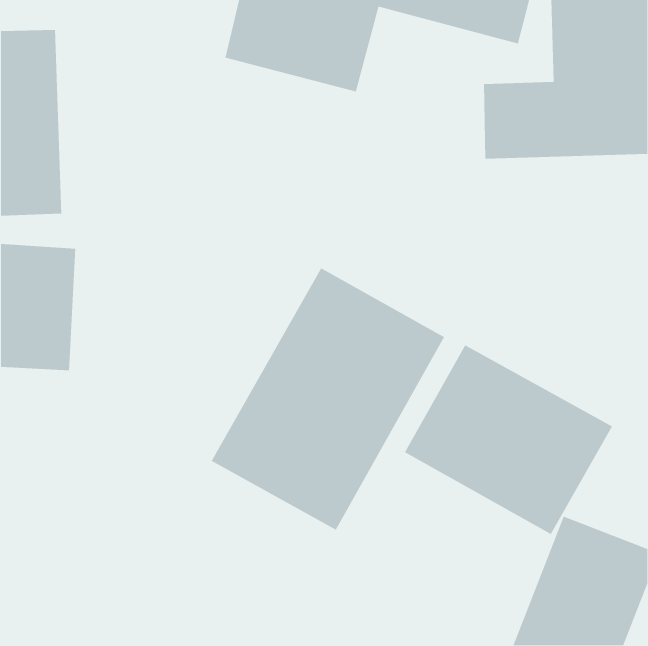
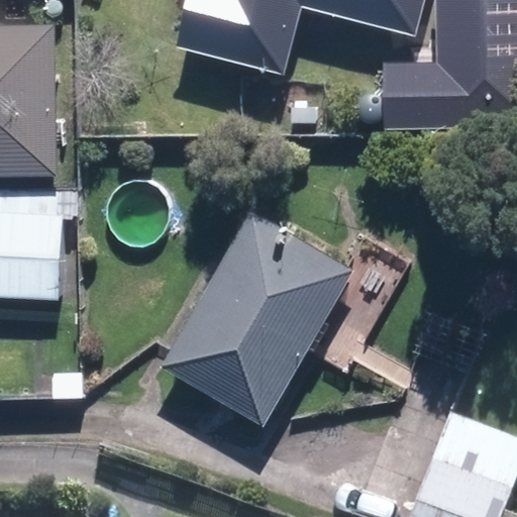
building: [404,344,613,535] -> none

